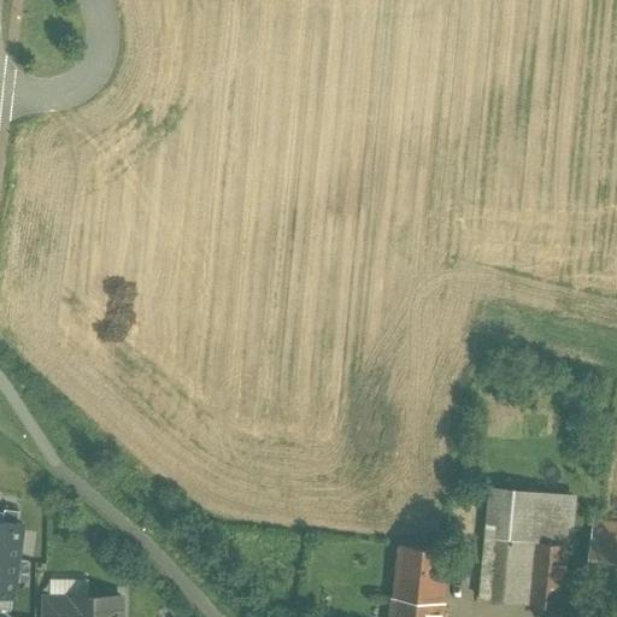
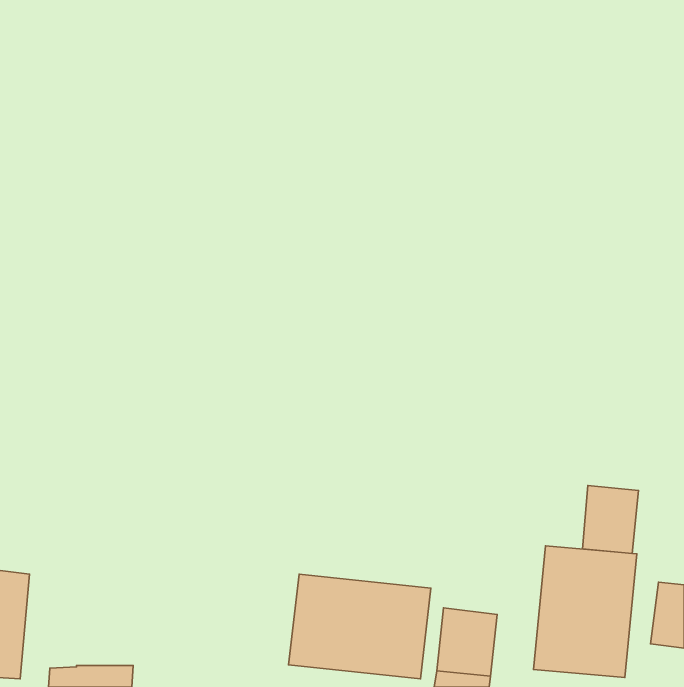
building: none -> [582,486,639,553]
building: none -> [288,574,431,679]

